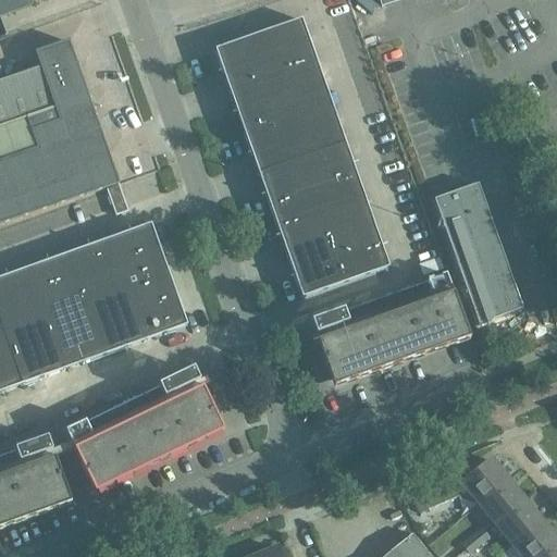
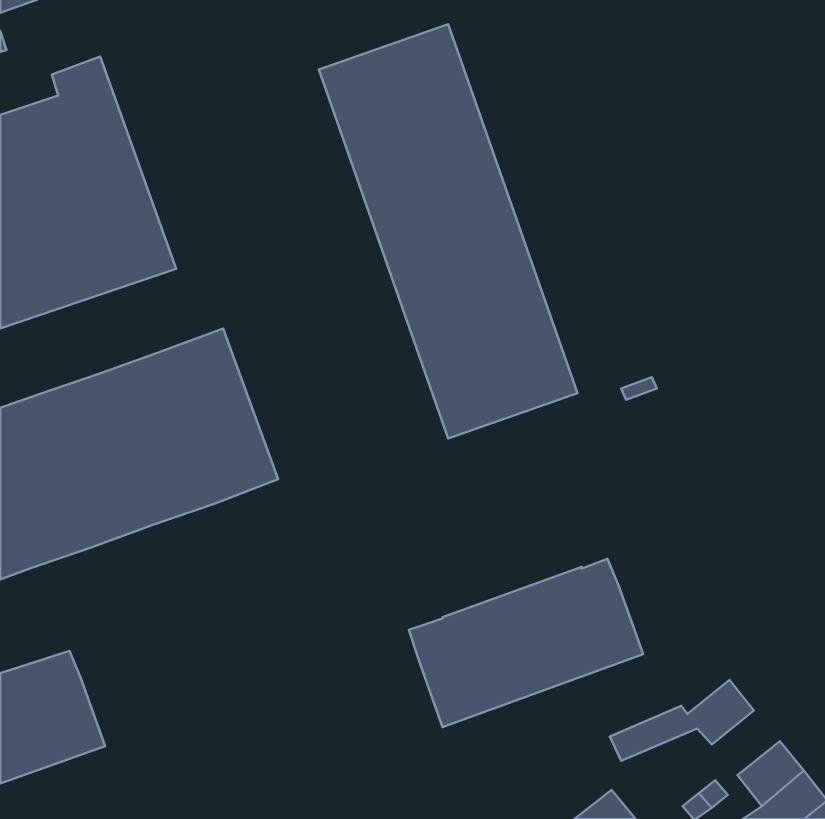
building: [434,182,522,322] -> none
building: [312,272,470,385] -> [409,559,643,727]
building: [66,367,224,492] -> none
building: [480,478,525,521] -> none

